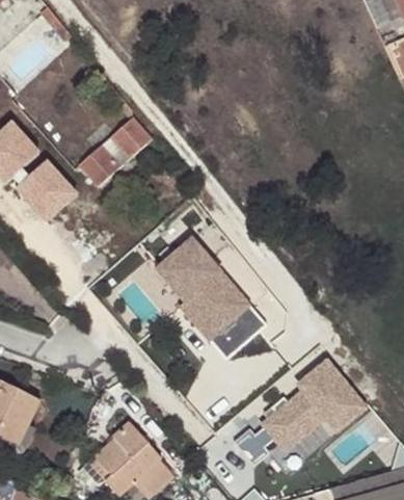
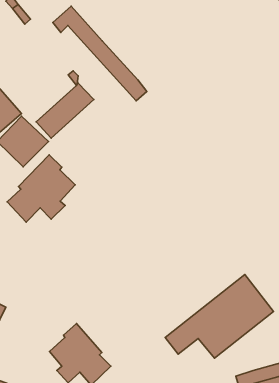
building: none -> [53,6,147,101]
building: none -> [7,155,75,222]
building: [155,236,272,360] -> none

